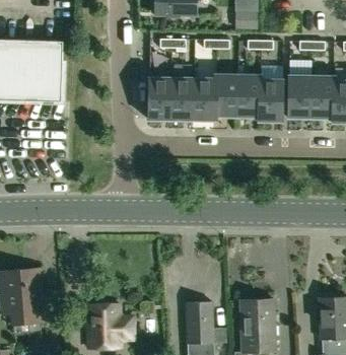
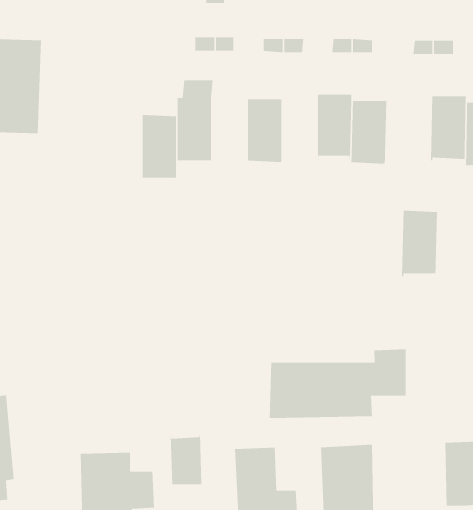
building: [215,74,237,117] -> none
building: [287,75,310,118] -> [401,210,438,277]
building: [170,77,193,120] -> [142,115,177,181]
building: none -> [269,349,406,419]
building: none -> [170,434,202,485]

